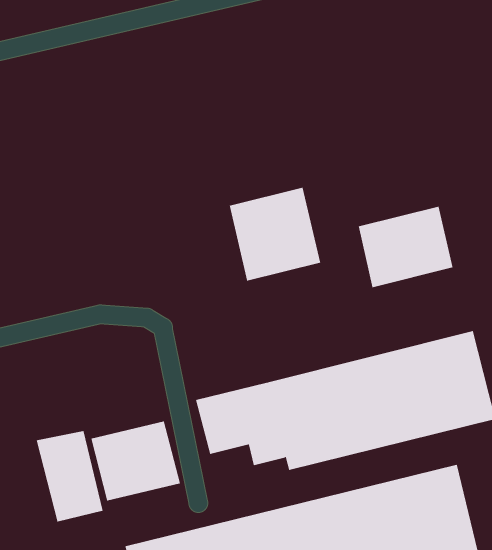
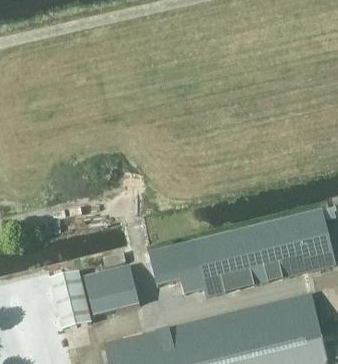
building: [229,187,321,282] -> none
building: [358,206,453,288] -> none

